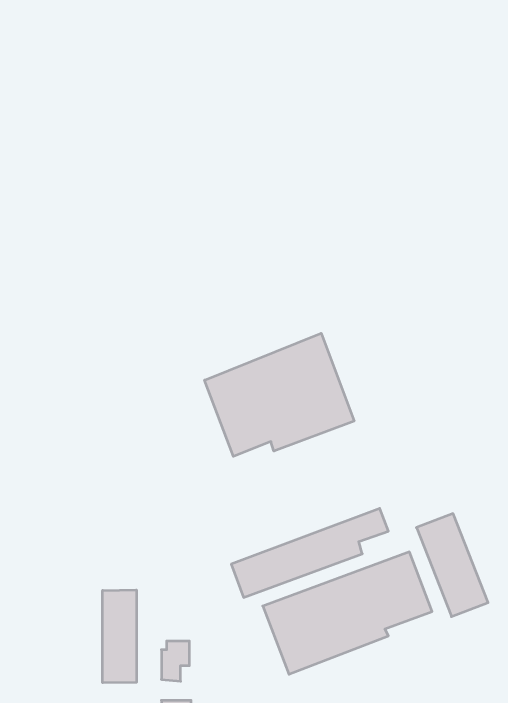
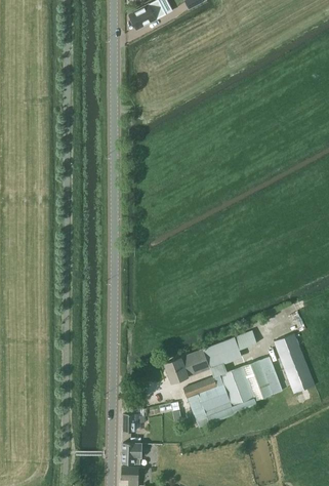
building: [205,333,354,456] -> none
building: [103,590,136,683] -> none

